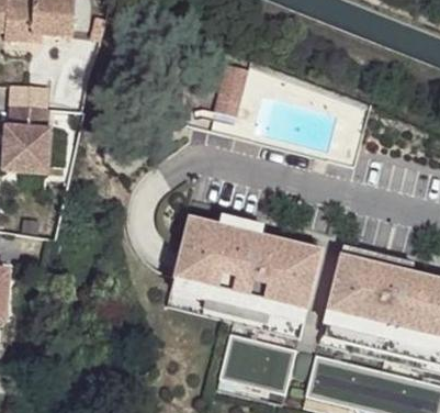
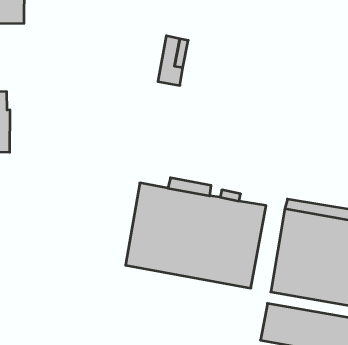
building: [219,332,296,390] -> none

